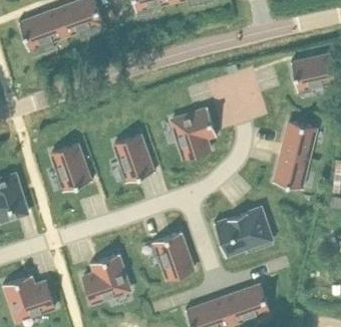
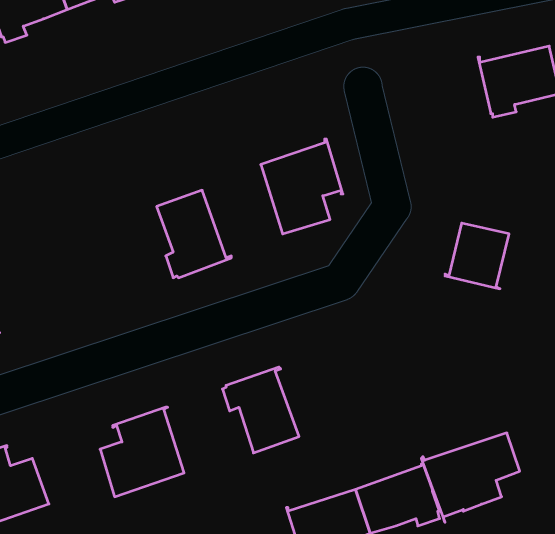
building: [282,121,316,158] -> none
building: [52,144,92,192] -> none
building: [214,209,268,258] -> [421,433,520,522]

